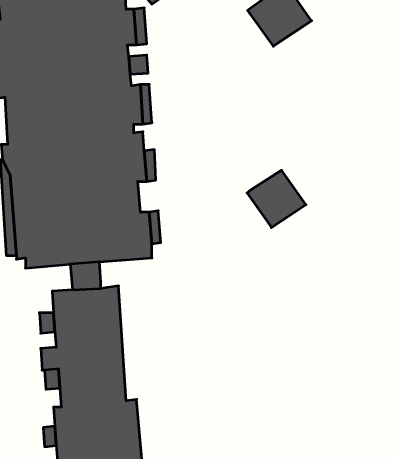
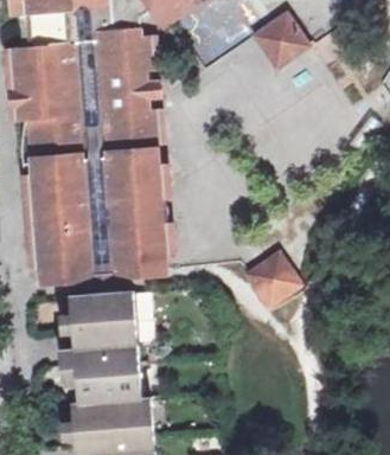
building: [247,170,306,228] -> [242,256,296,309]

